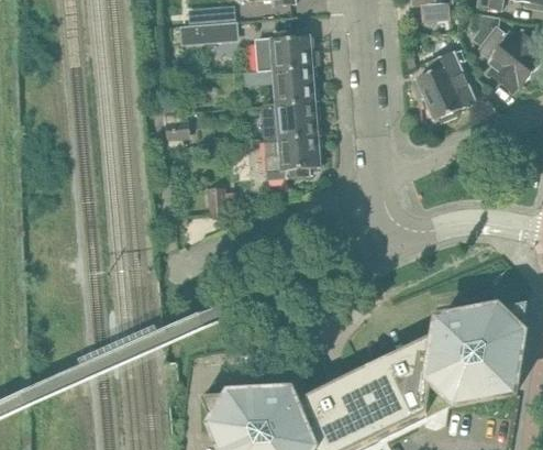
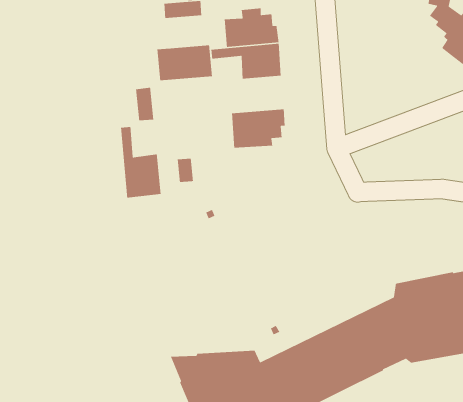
building: [413,36,473,121] -> none
building: [261,100,320,139] -> [157,45,213,81]
building: none -> [120,126,162,199]

